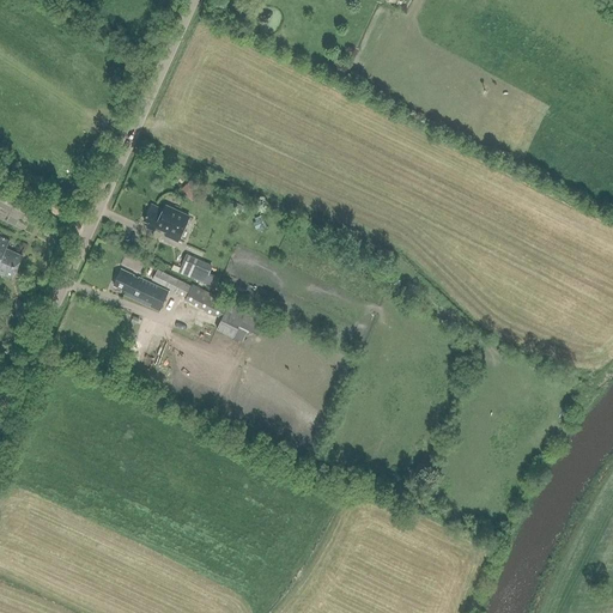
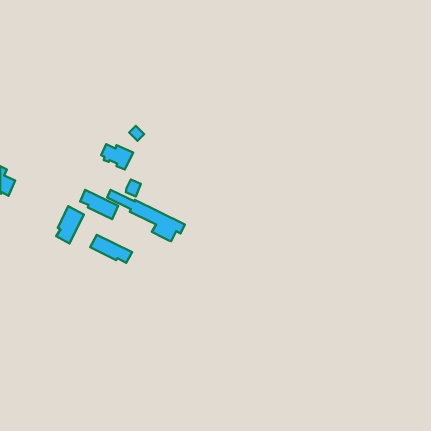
building: none -> [56,206,84,243]
building: none -> [90,235,132,263]

